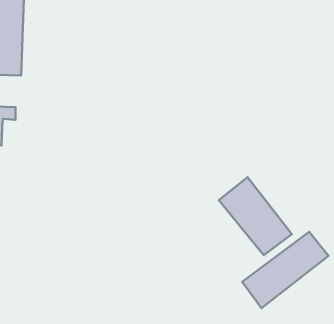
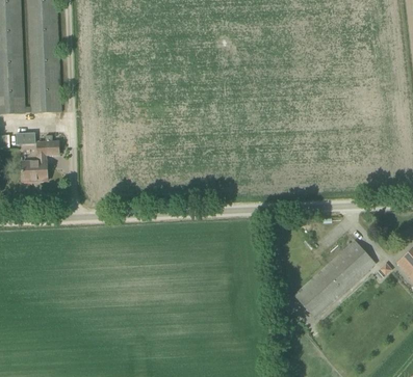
building: [219,177,292,255] -> none

